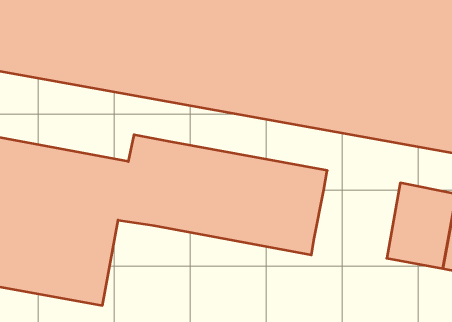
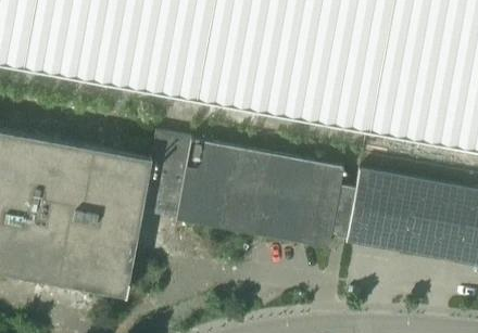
building: none -> [347,168,415,251]

